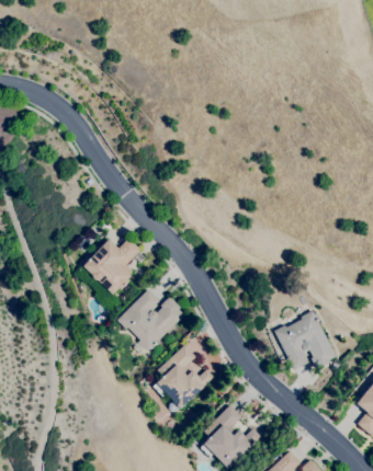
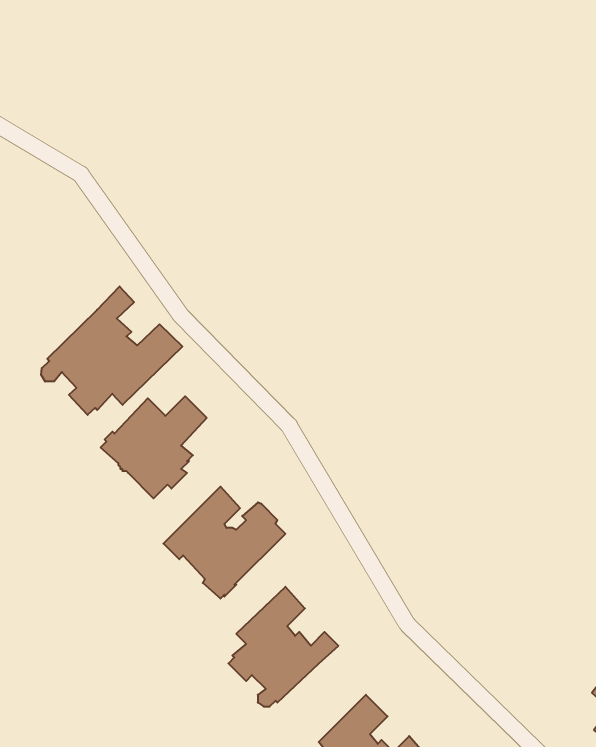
building: none -> [41,286,182,415]
building: [273,310,337,370] -> none

